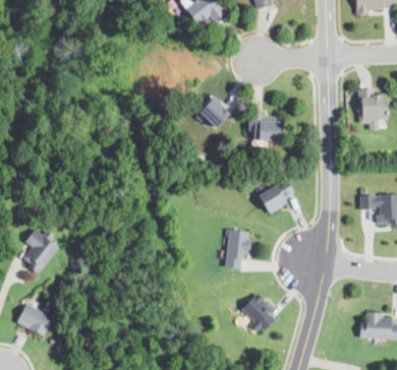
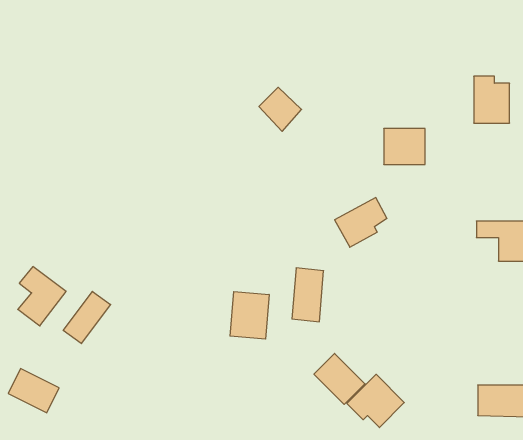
building: [249,114,280,140] -> [384,129,425,164]
building: none -> [63,291,111,344]
building: none -> [230,292,269,339]
building: none -> [347,374,404,428]

